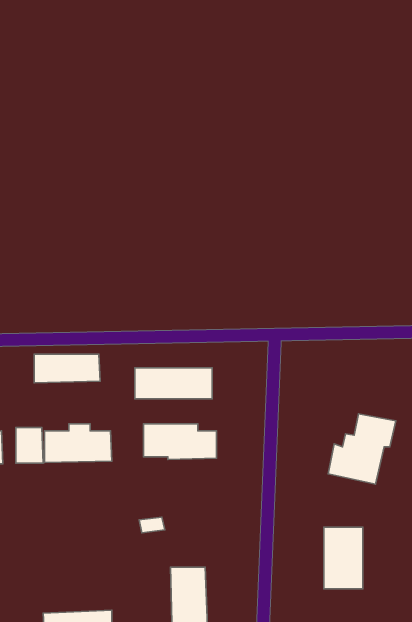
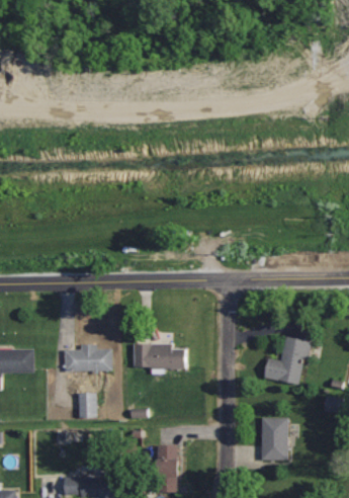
building: [34,354,100,383] -> none
building: [135,368,212,399] -> none
building: [16,427,43,463] -> [79,394,98,419]

